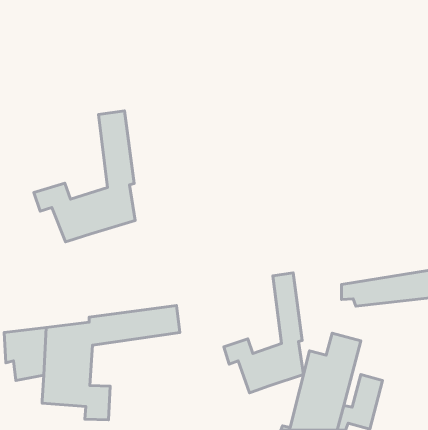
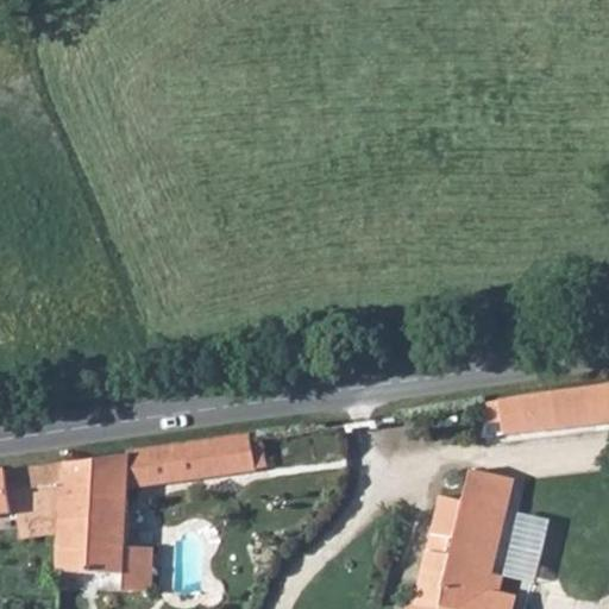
building: [34,111,135,242] -> none
building: [224,273,303,393] -> none

